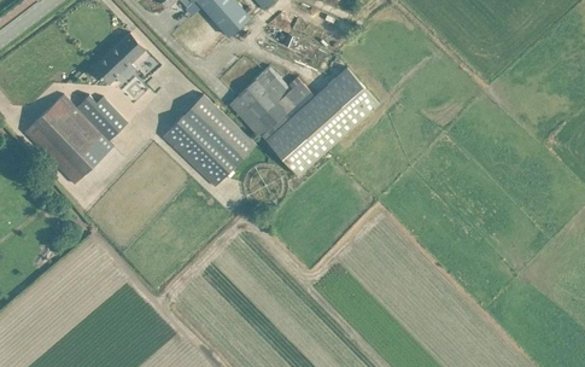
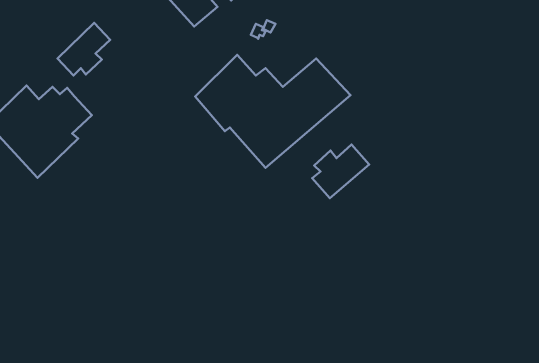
building: [162,95,255,187] -> none
building: none -> [312,145,369,198]

